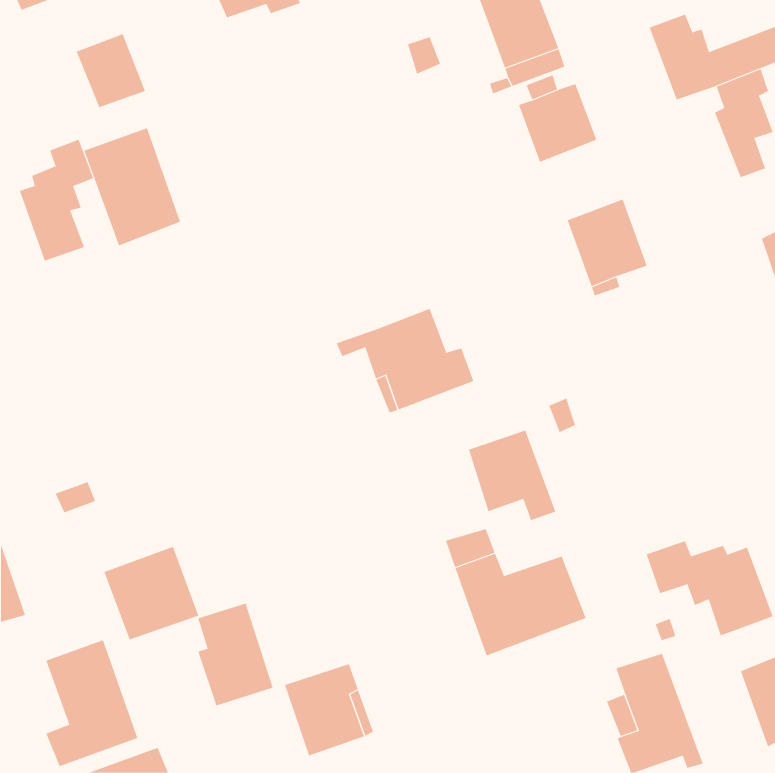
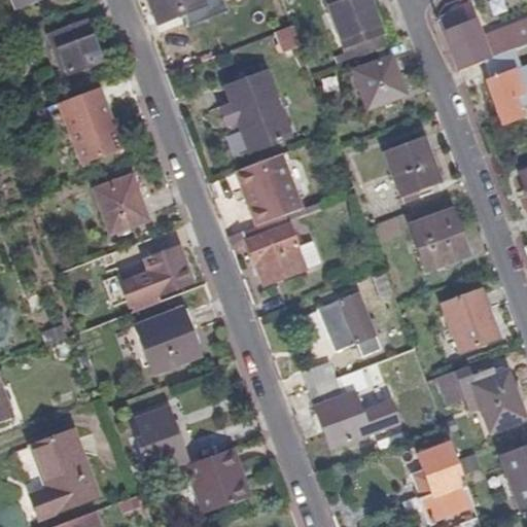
building: none -> [221,68,289,147]
building: [19,139,94,262] -> none
building: none -> [238,151,303,222]
building: none -> [94,177,148,237]
building: none -> [409,211,466,271]
building: none -> [125,250,192,307]
building: none -> [442,289,500,351]
building: [103,546,199,640] -> [135,312,200,376]

